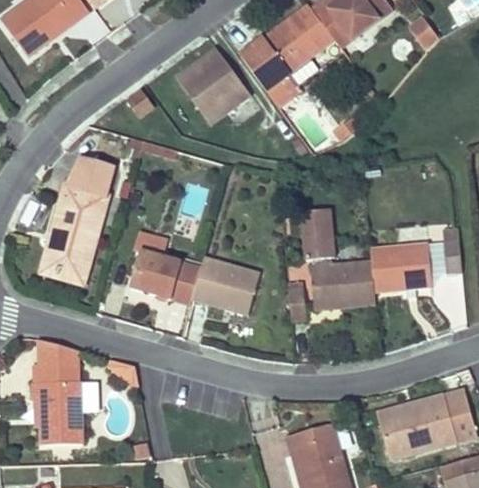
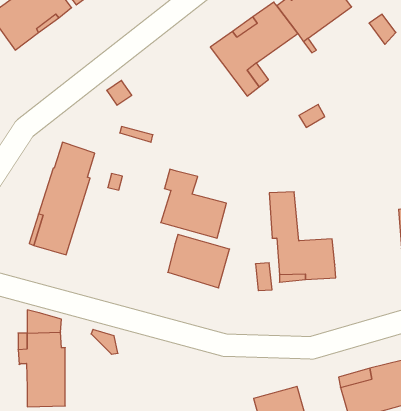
building: [176,47,251,124] -> none
building: [130,230,201,305] -> [161,169,226,238]
building: [370,244,432,290] -> none

